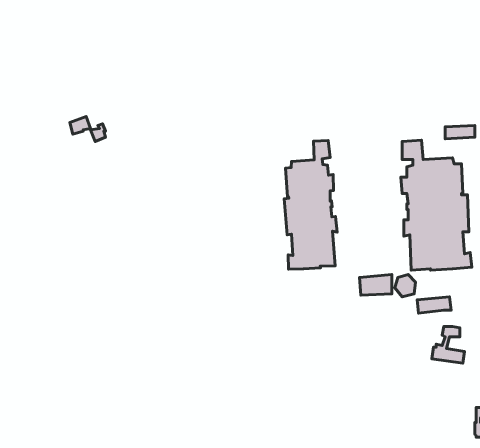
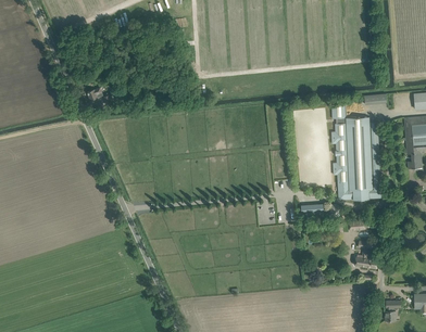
building: [284,141,337,269] -> none

